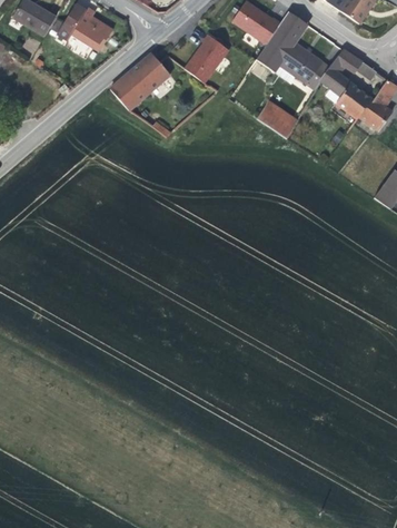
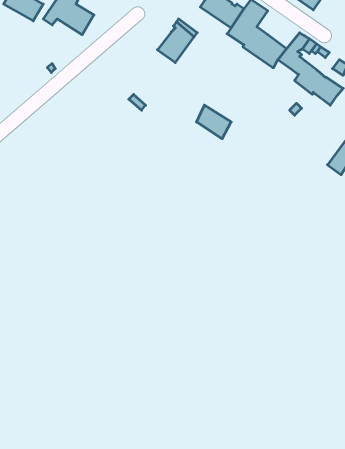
building: [110,52,170,110] -> none
building: [258,100,297,138] -> [196,105,231,139]

